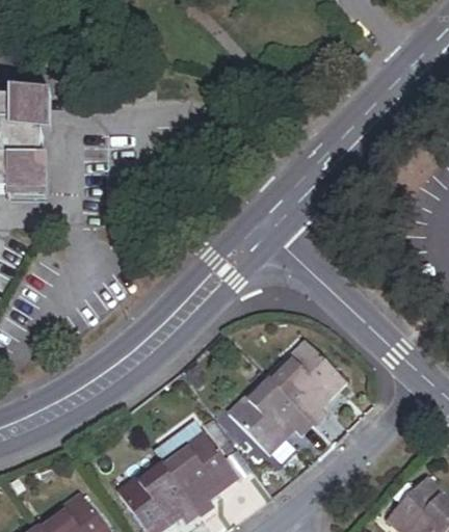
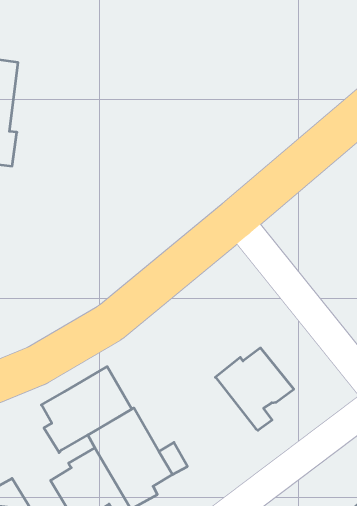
building: [232,378,312,455] -> none
building: none -> [41,367,132,453]

